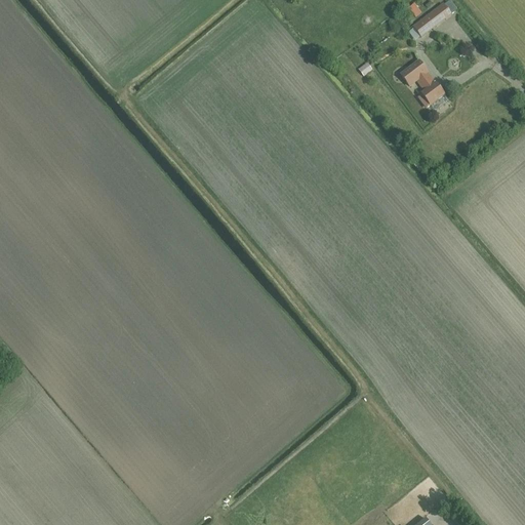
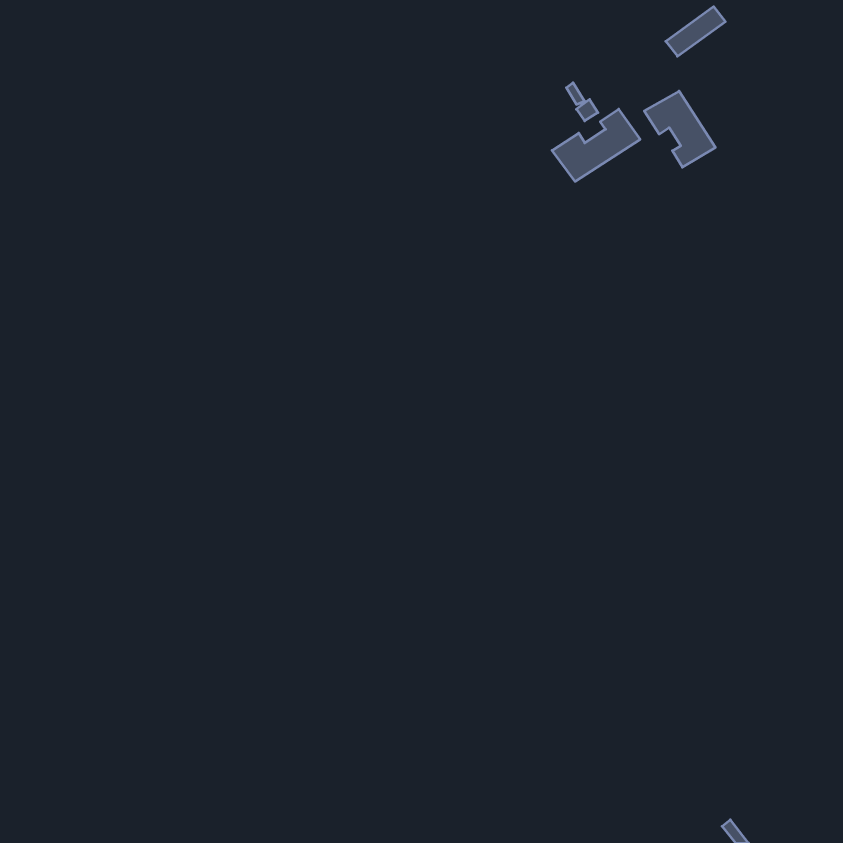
building: none -> [552,109,640,181]

